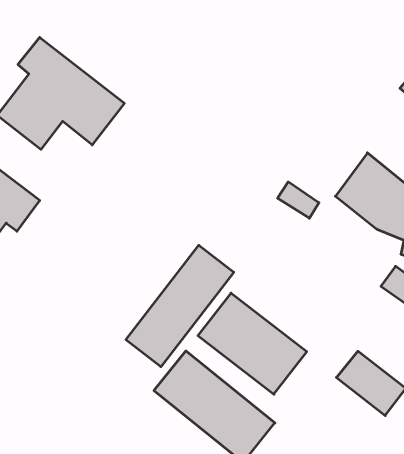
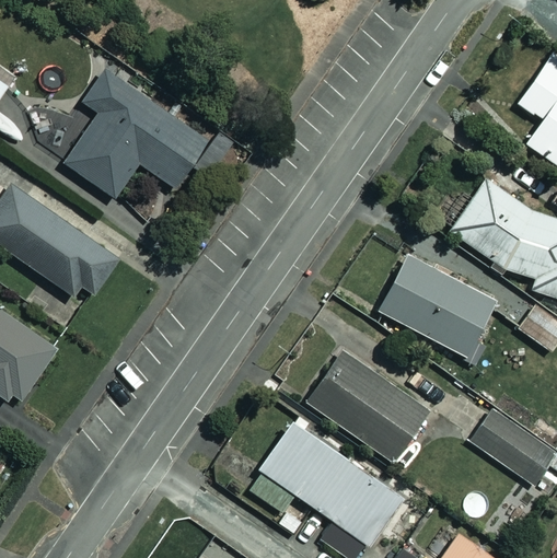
building: none -> [380,255,499,357]
building: [126,245,234,367] -> none

